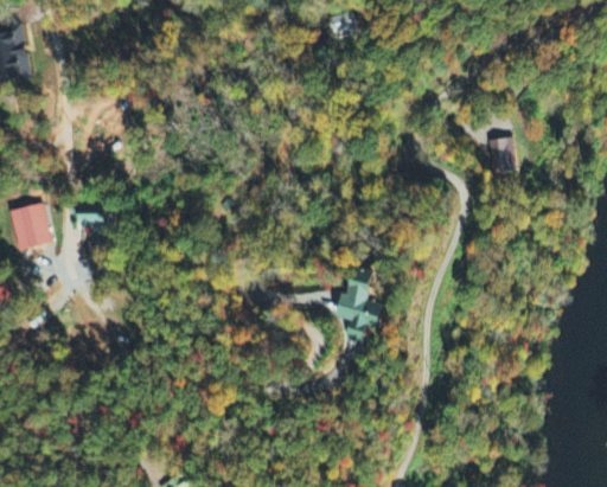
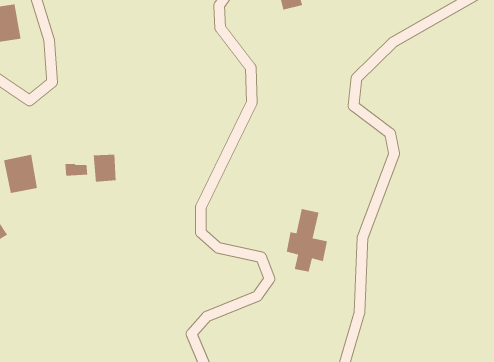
building: [487,139,515,173] -> none
building: none -> [93,154,117,183]

